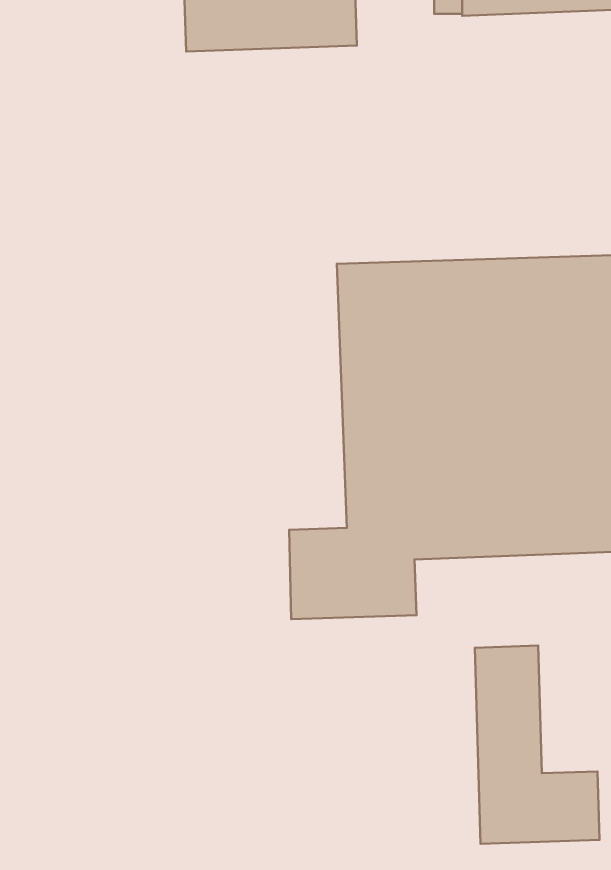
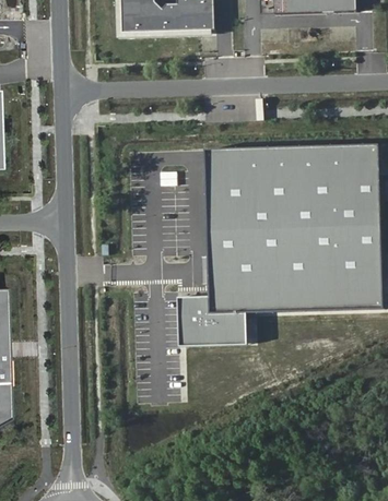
building: [475,646,600,844] -> none

